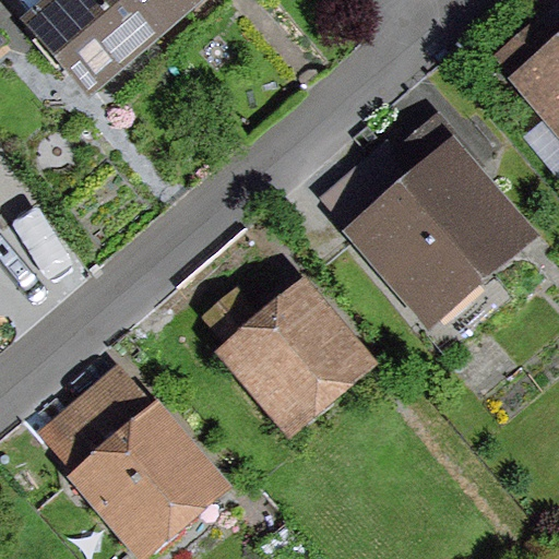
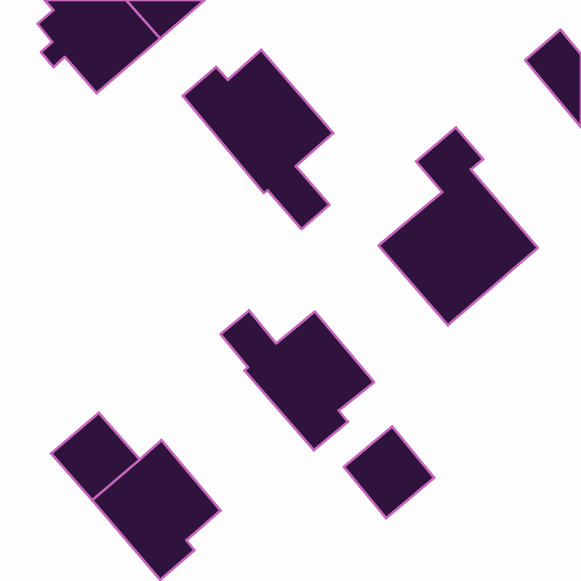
building: none -> [183,50,333,229]
building: none -> [344,426,434,518]

